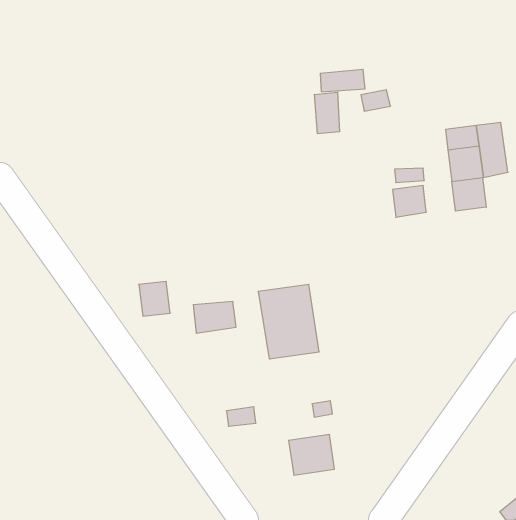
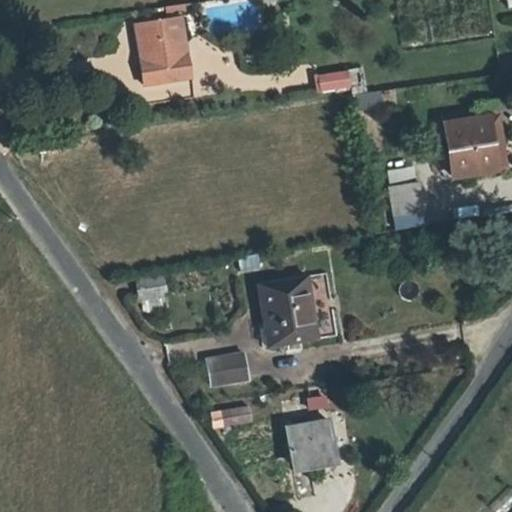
building: none -> [138,16,198,84]
building: [315,92,339,134] -> none
building: [452,178,486,211] -> none
building: [193,302,236,333] -> [209,358,251,389]

